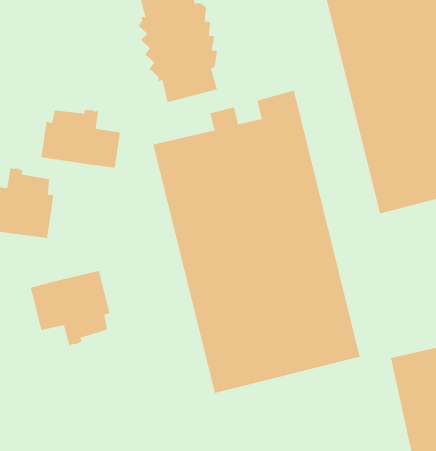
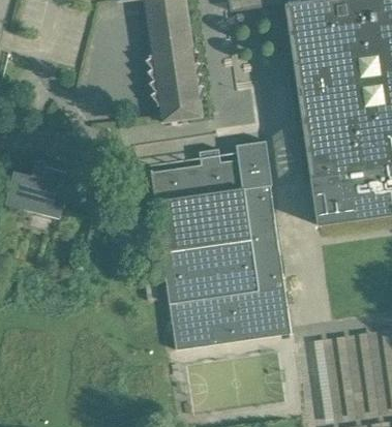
building: [41,109,121,169] -> none
building: [30,270,110,346] -> none

